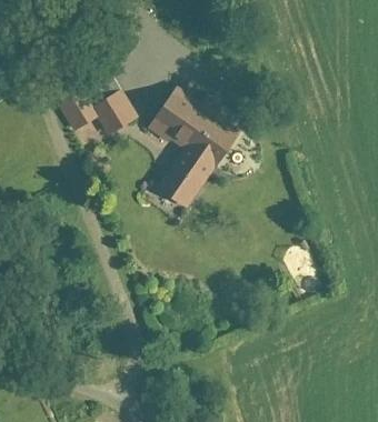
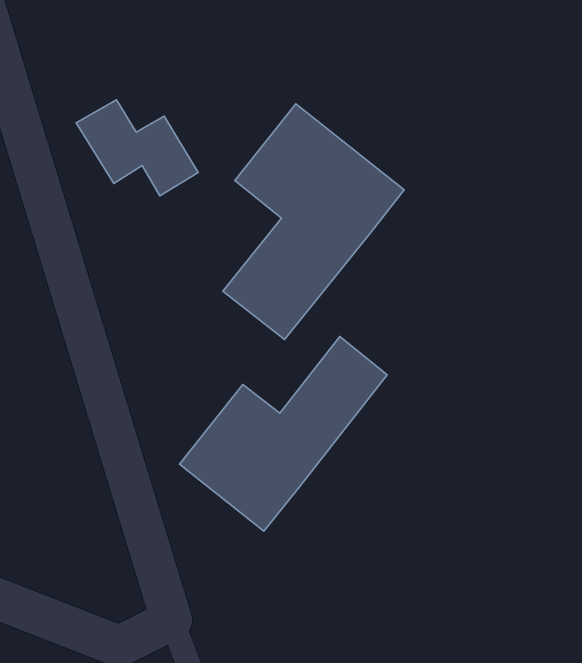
building: none -> [180,337,387,531]

